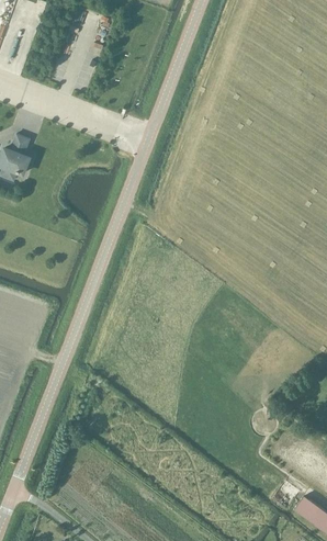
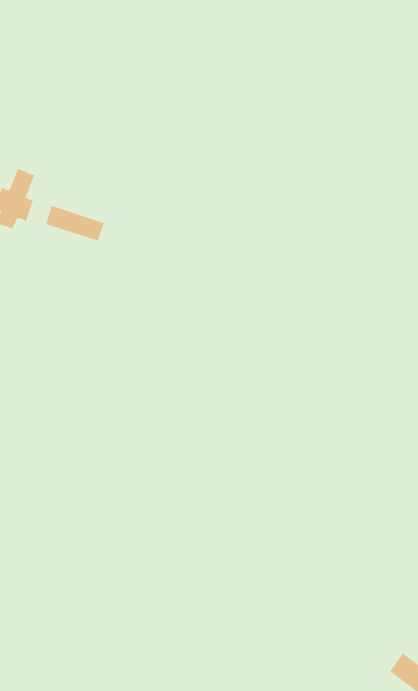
building: none -> [45,205,105,241]

